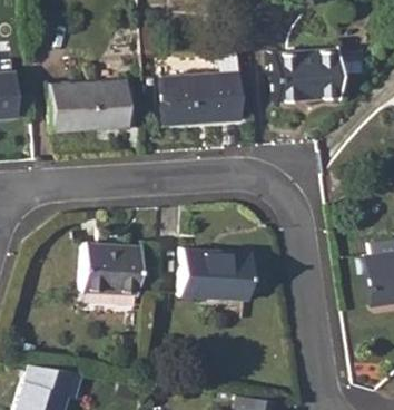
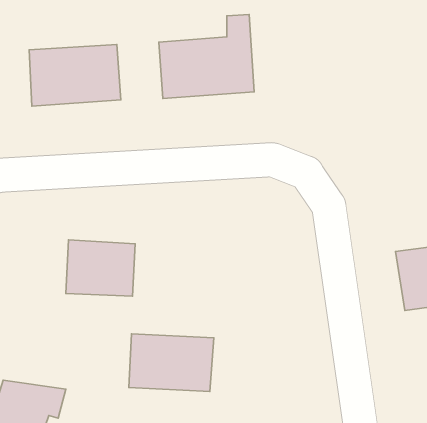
building: [272,50,341,101] -> none
building: [180,250,253,299] -> [129,334,214,392]

